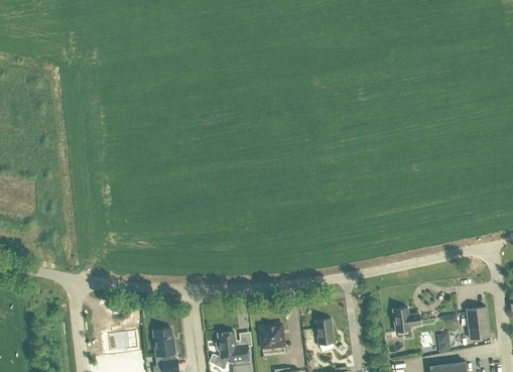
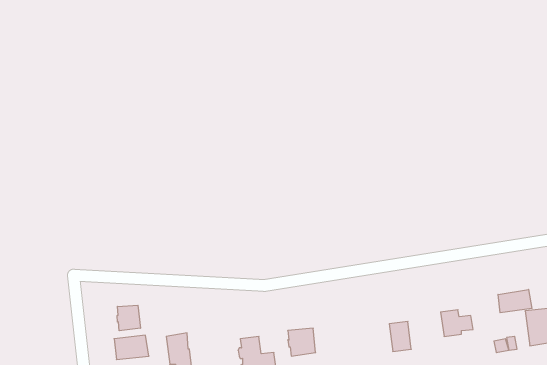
building: none -> [498,289,532,313]
building: none -> [117,305,140,331]
building: [314,319,334,345] -> [389,321,411,351]

